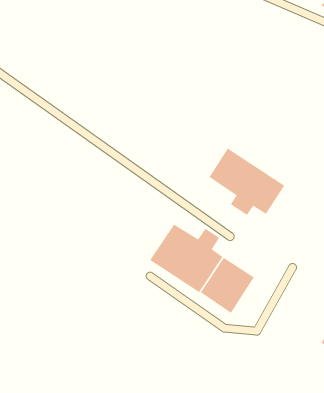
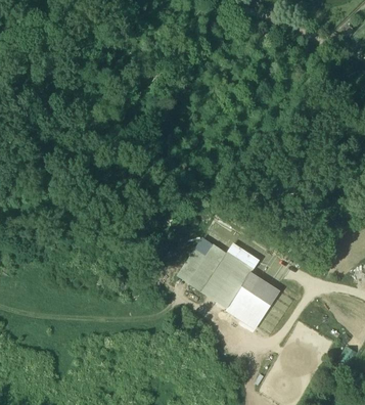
building: [209,147,286,216] -> none

